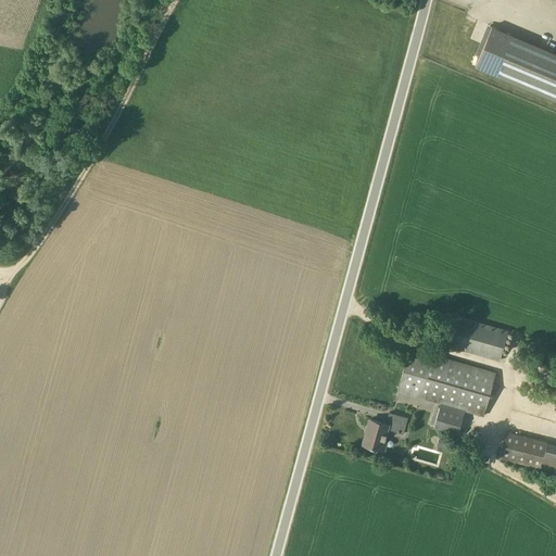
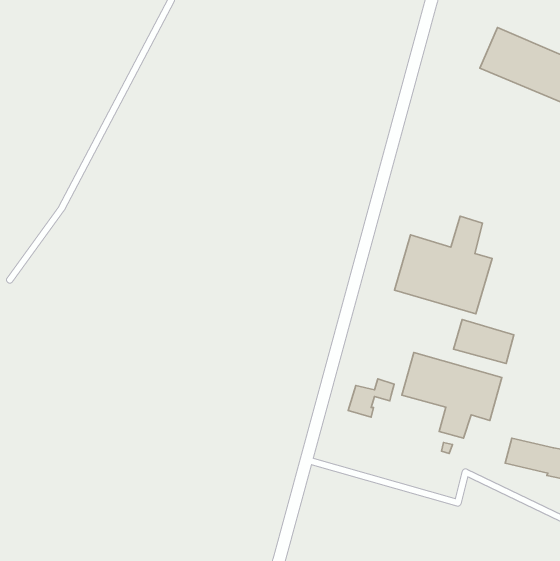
building: none -> [394,216,492,314]
building: [364,413,409,451] -> [348,379,394,417]

